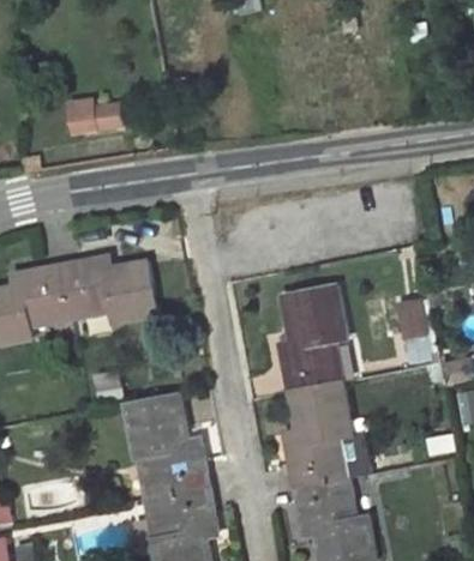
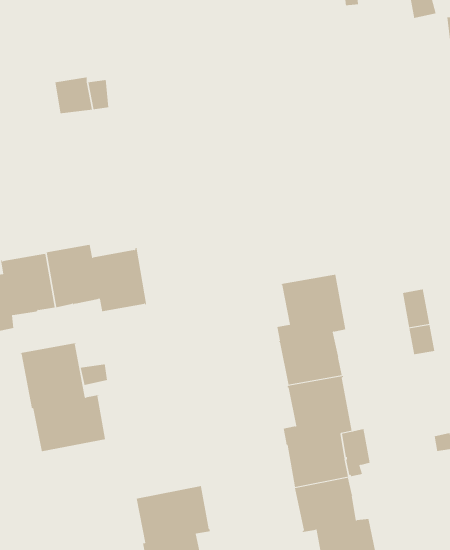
building: [125,394,208,497] -> [20,343,107,452]

